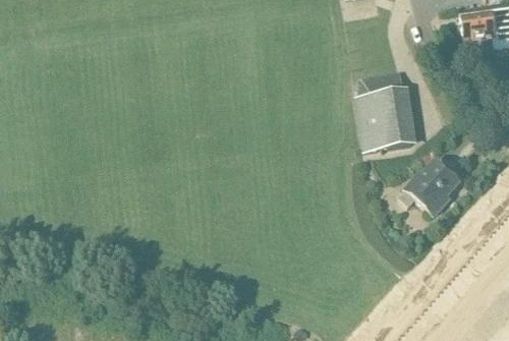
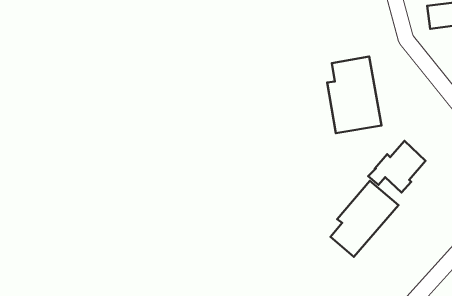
building: none -> [331,181,399,257]

